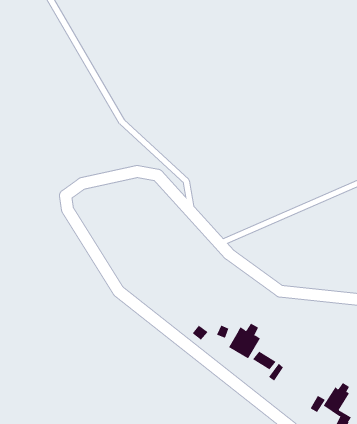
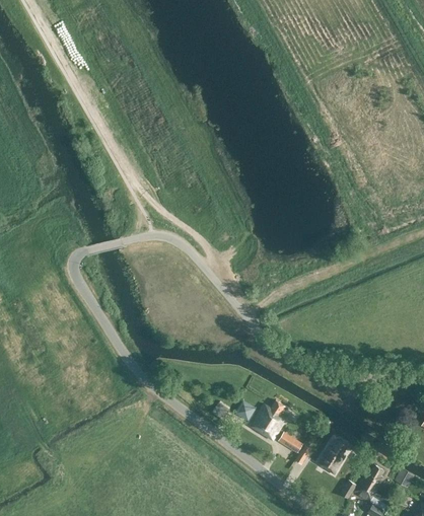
building: none -> [319,439,347,473]

